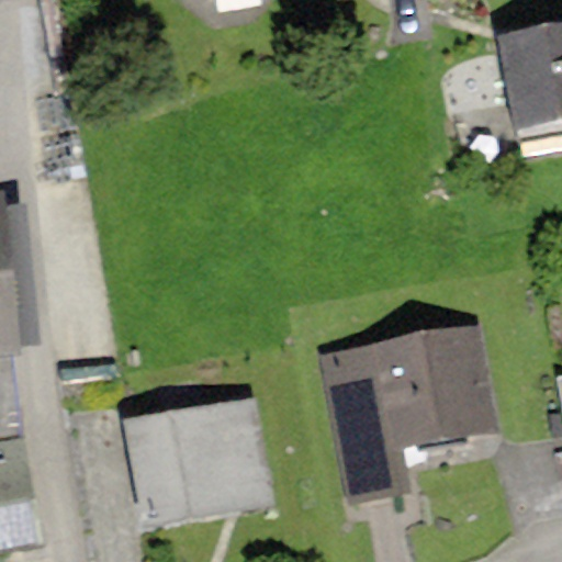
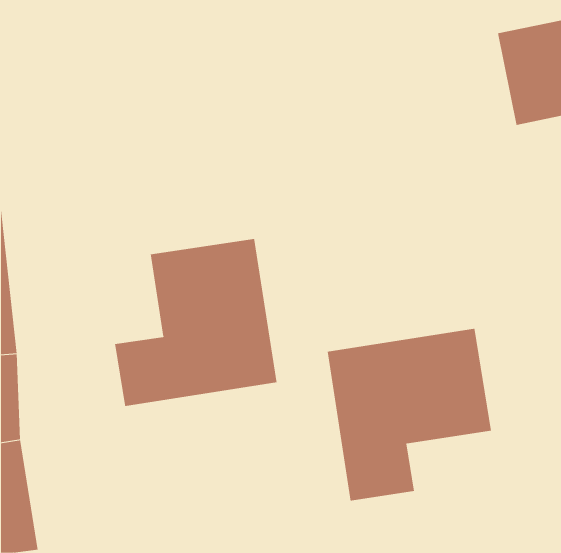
building: none -> [115,238,277,407]
building: [124,397,269,528] -> none

